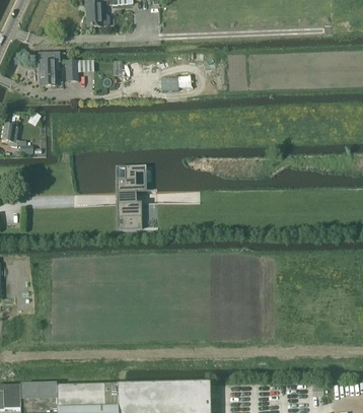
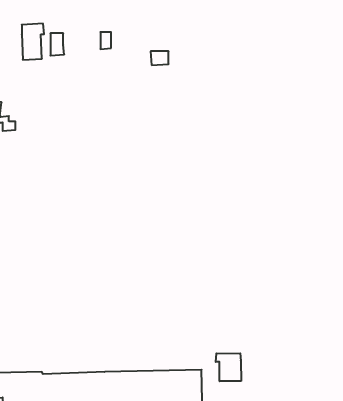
building: [117,164,147,228] -> none
building: none -> [216,353,241,381]

